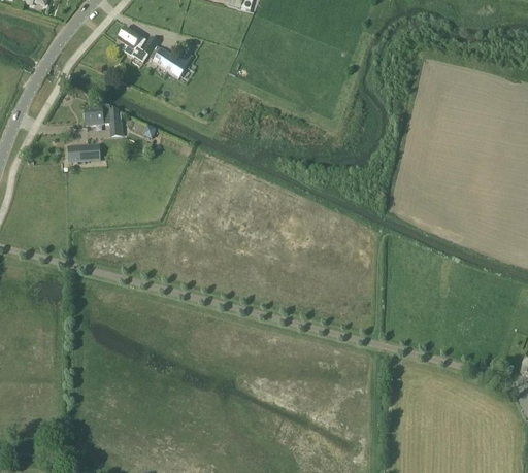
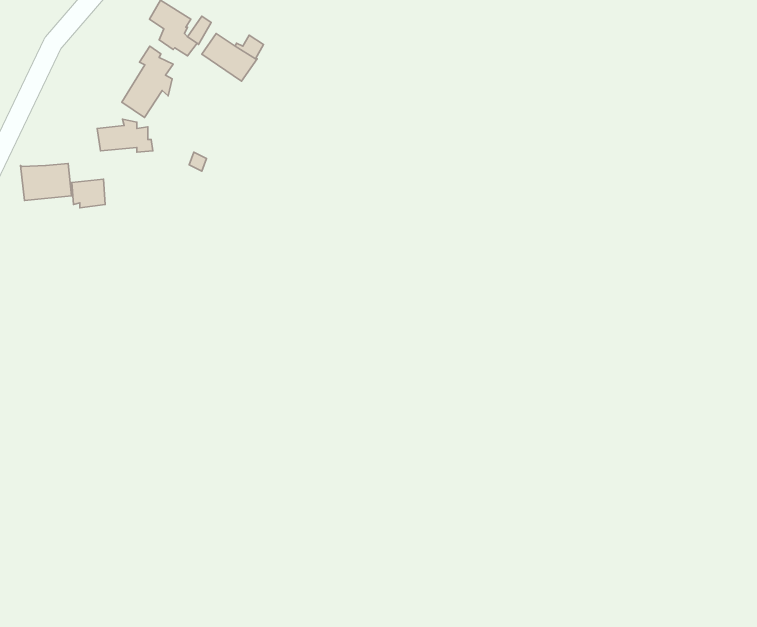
building: none -> [122,46,173,118]
building: none -> [20,163,72,200]

